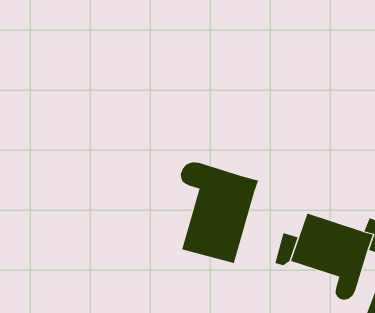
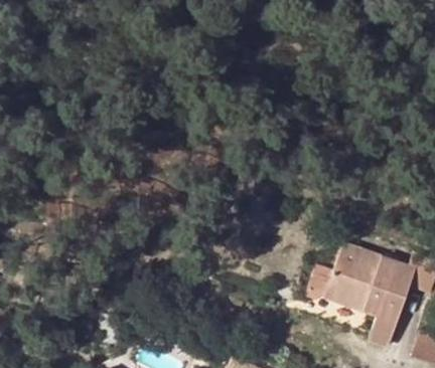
building: [180,162,259,264] -> none

